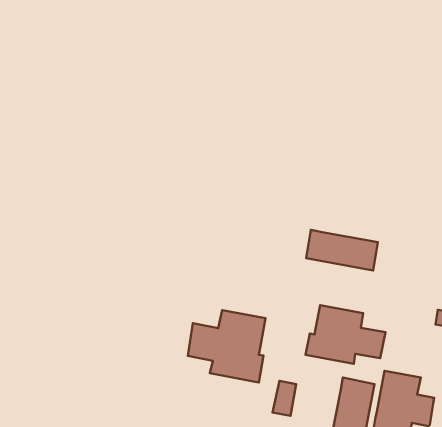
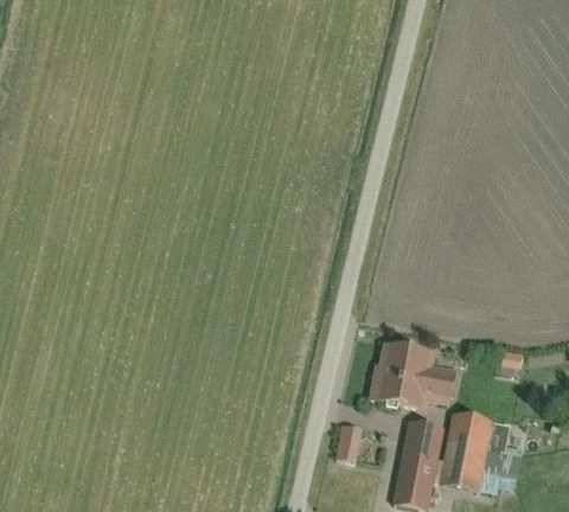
building: [306,230,378,271] -> none
building: [188,310,265,382] -> none

